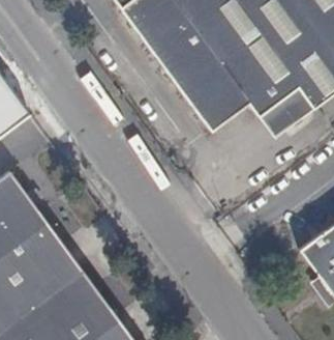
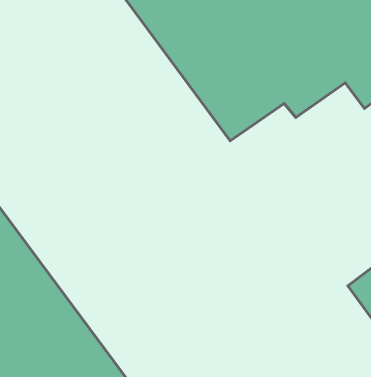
building: [259,87,313,138] -> none

